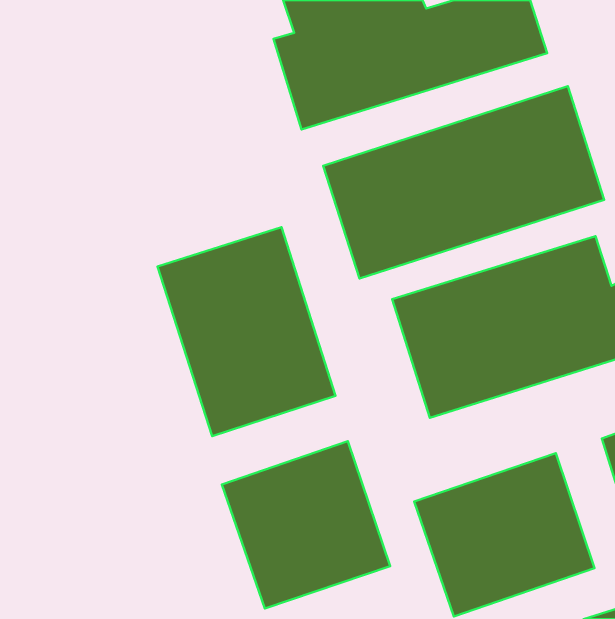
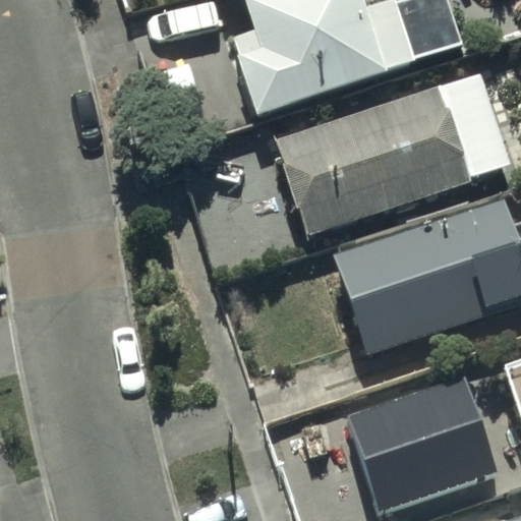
building: [158,227,335,436] -> none
building: [222,441,390,609] -> none

